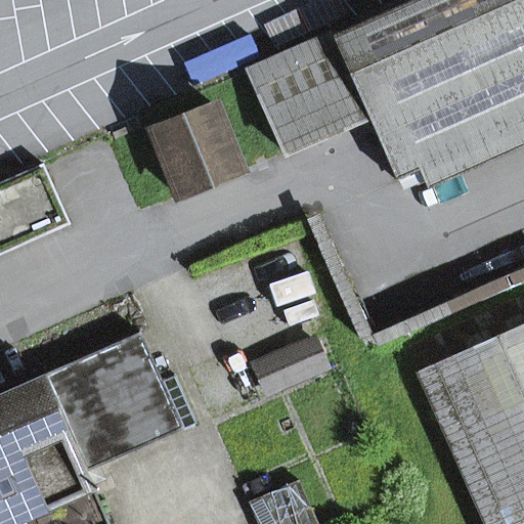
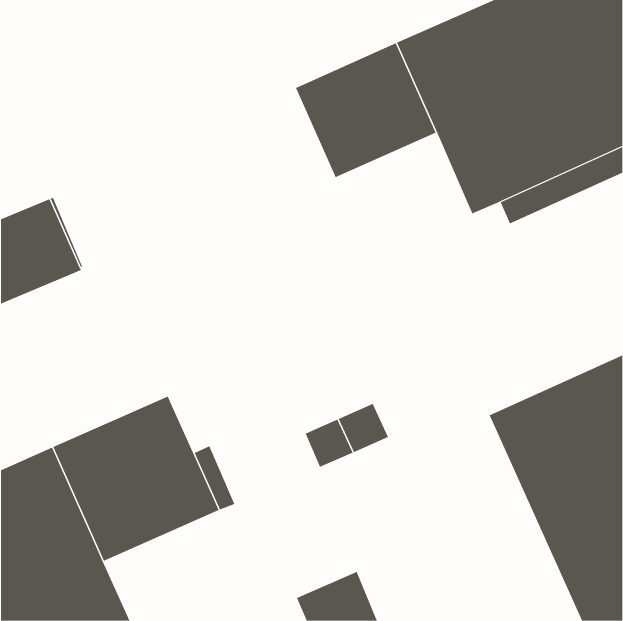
building: [152,106,243,196] -> none

